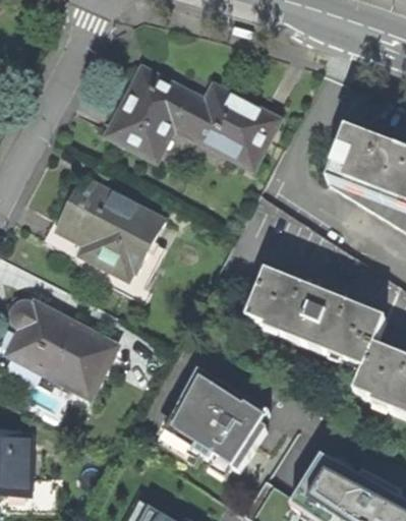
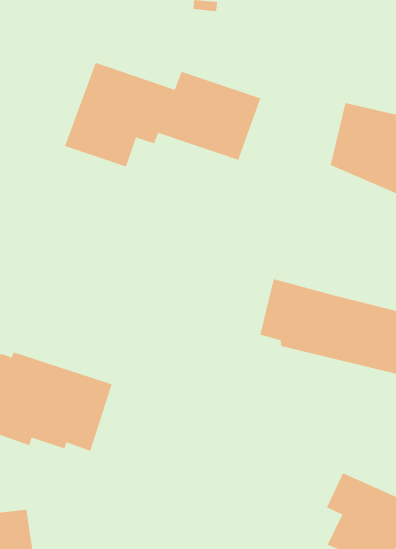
building: [43,173,168,299] -> none
building: [172,365,270,467] -> none

